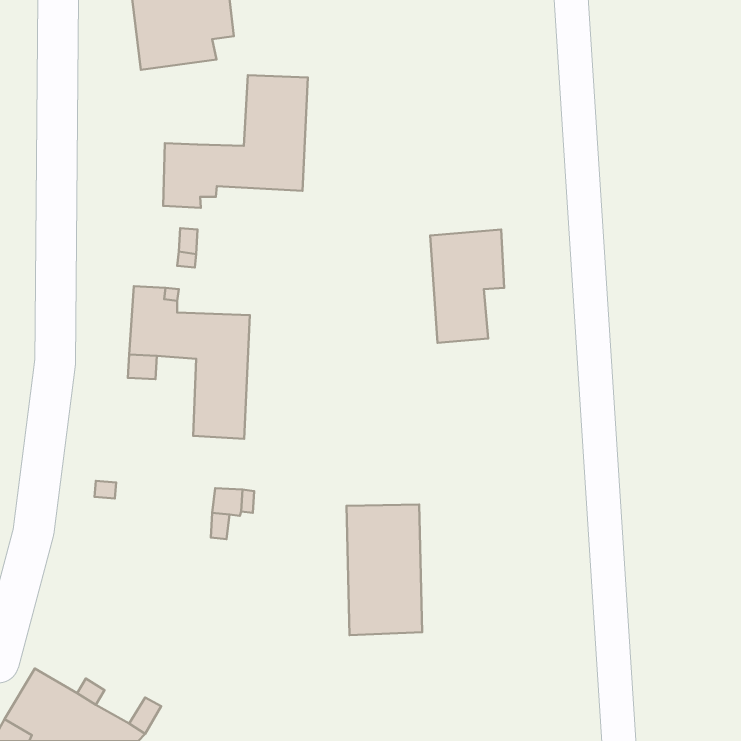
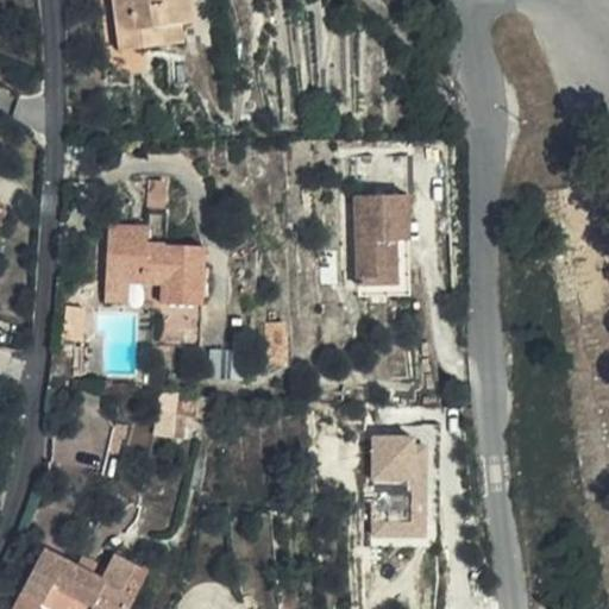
building: [163,75,308,208] -> none
building: [346,504,422,635] -> [370,429,432,536]

